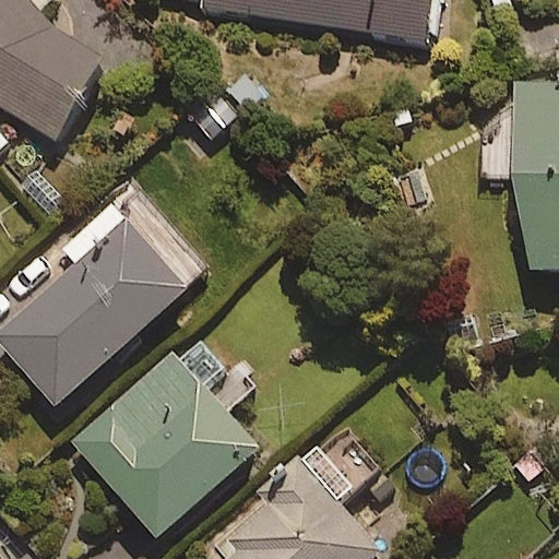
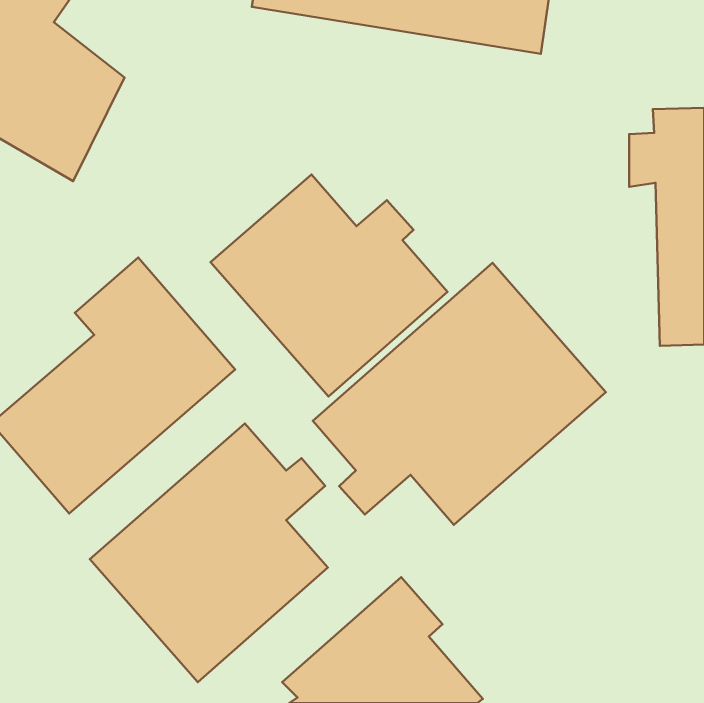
building: none -> [211,174,447,397]
building: none -> [313,263,606,525]

